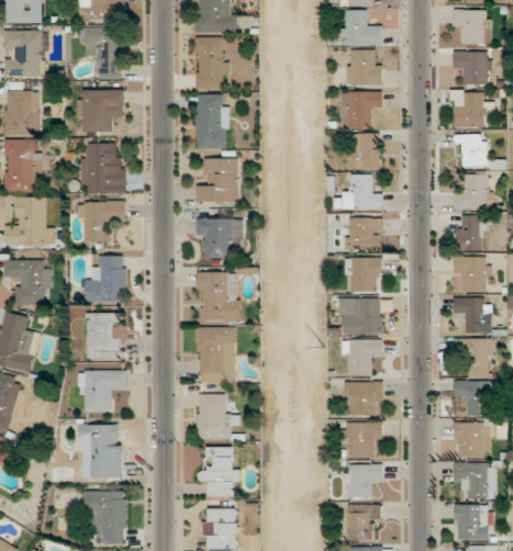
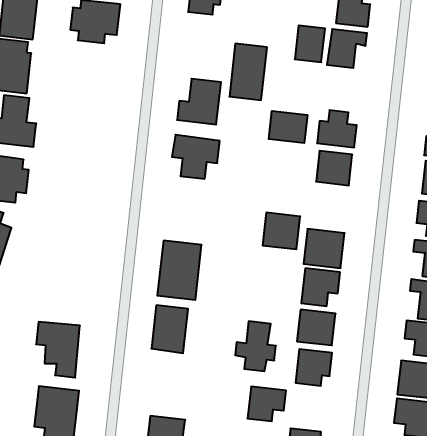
building: [196,94,228,149] -> [229,44,267,100]
building: [352,133,379,168] -> [295,25,325,62]
building: [80,143,125,194] -> none
building: none -> [269,111,307,143]
building: [78,201,125,243] -> none
building: [85,255,126,303] -> none
building: [346,258,381,292] -> [263,213,300,249]
building: [197,272,239,321] -> none
building: [86,313,125,360] -> none
building: [80,370,126,412] -> none
building: [199,447,239,496] -> [235,321,276,371]
building: [346,464,382,497] -> [247,387,286,421]

